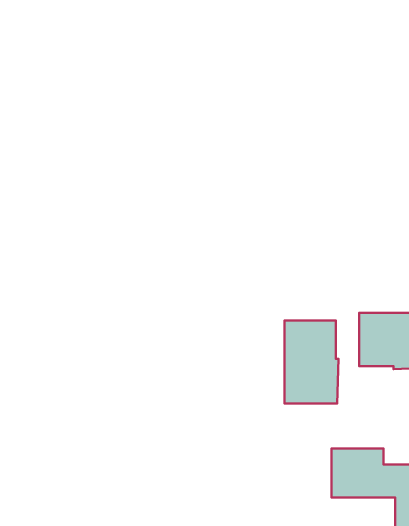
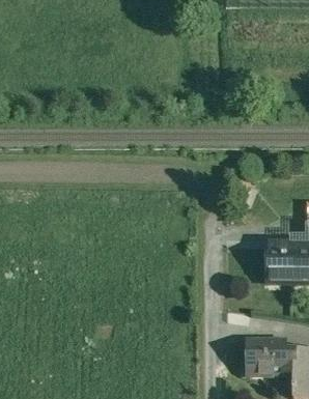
building: [284,320,339,404] -> none

